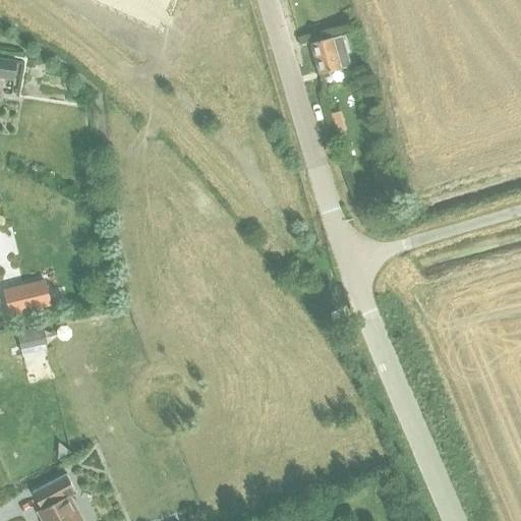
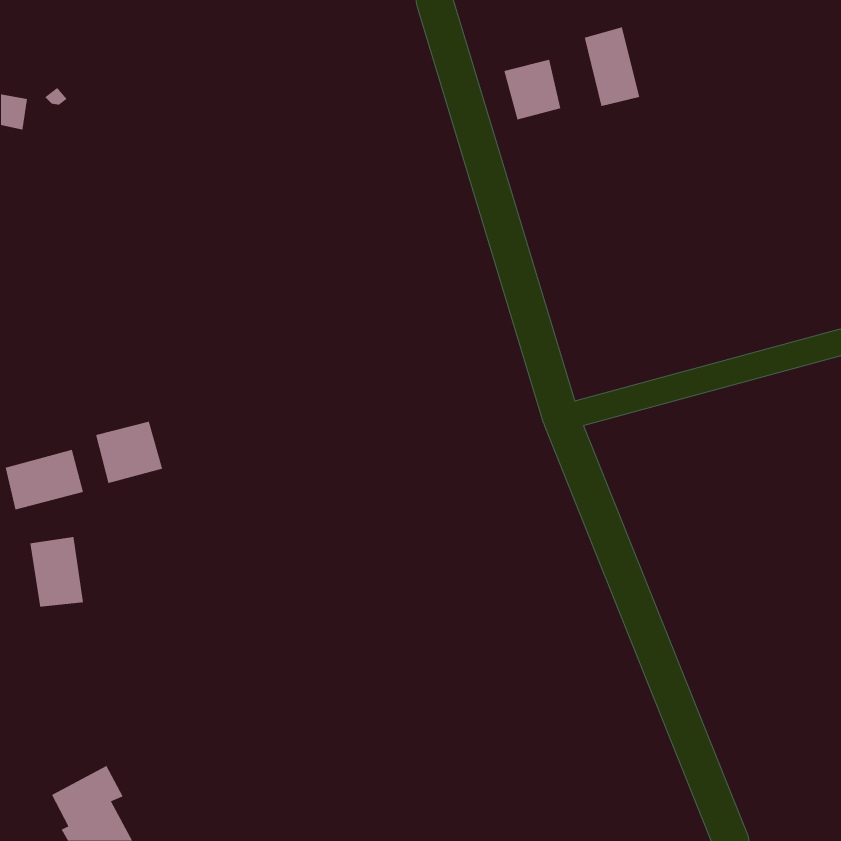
building: none -> [584,26,640,107]
building: none -> [95,421,163,484]

